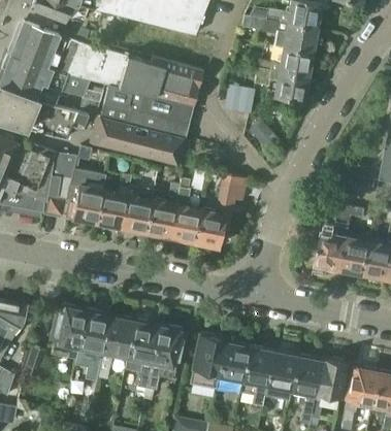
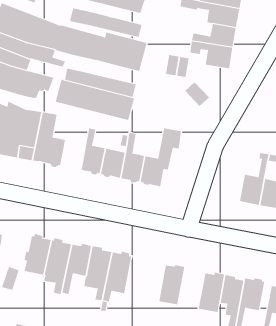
building: [104,85,194,121] -> [69,8,142,37]
building: [97,172,131,226] -> none
building: [192,332,227,387] -> none
building: [240,344,273,404] -> none

